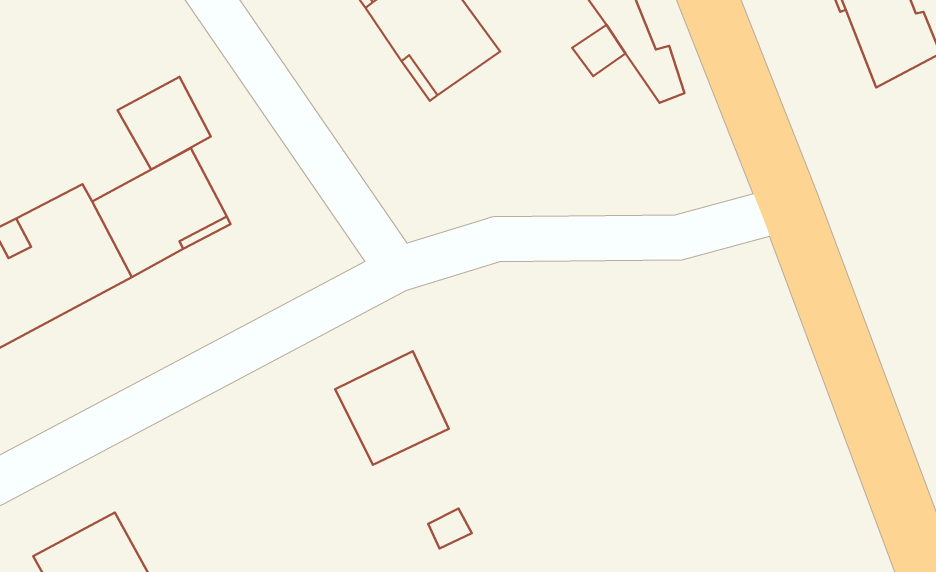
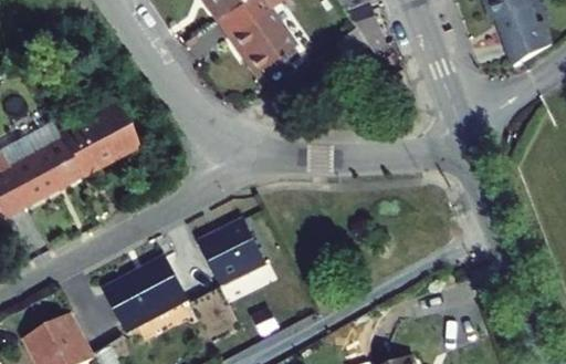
building: [118,77,211,169] -> none
building: none -> [105,257,188,331]

